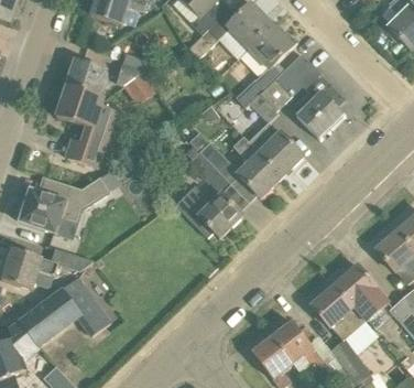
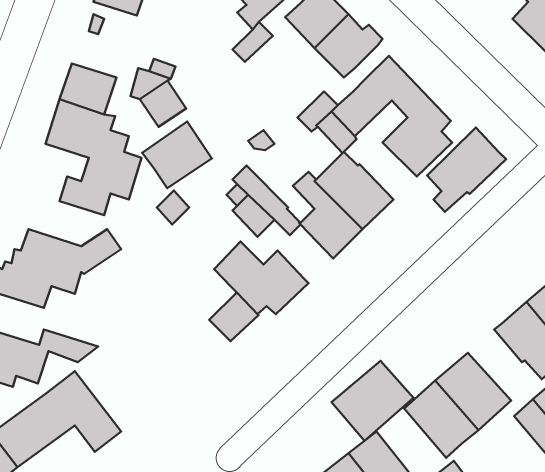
building: none -> [142,122,212,188]
building: none -> [427,127,506,212]
building: none -> [209,293,258,341]
building: none -> [331,361,414,441]

